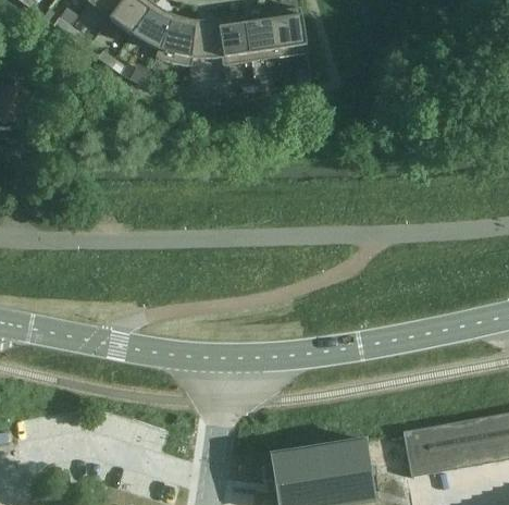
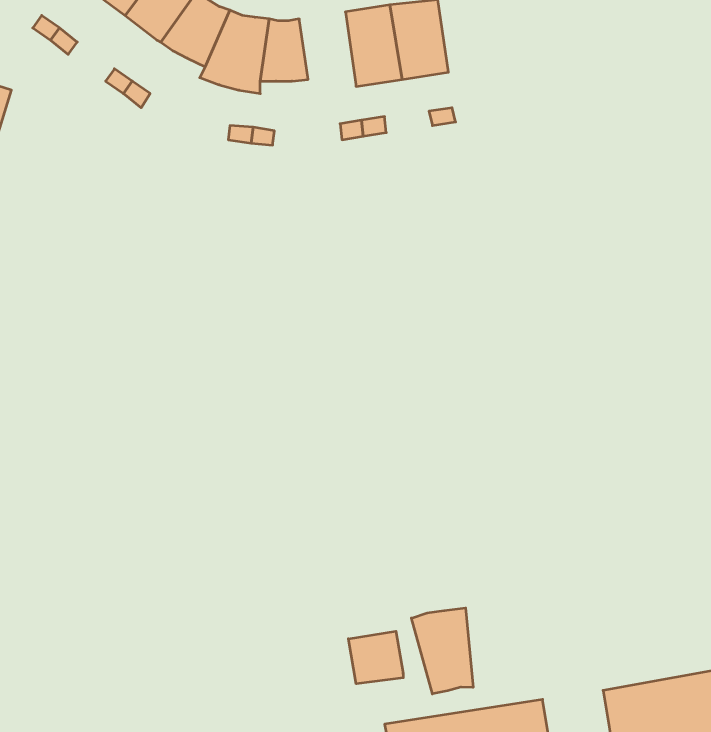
building: [218,15,252,64] -> none
building: none -> [411,608,473,694]
building: none -> [348,631,403,684]

